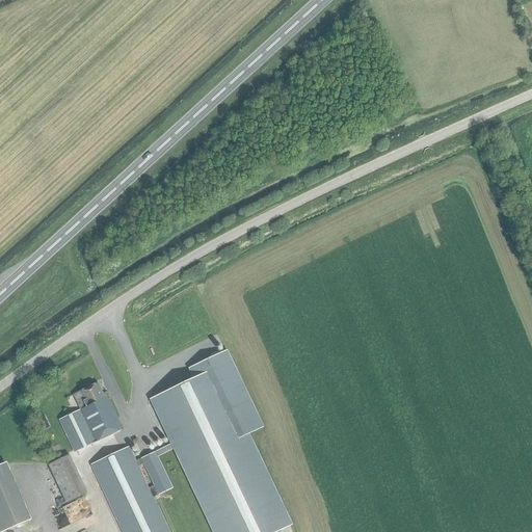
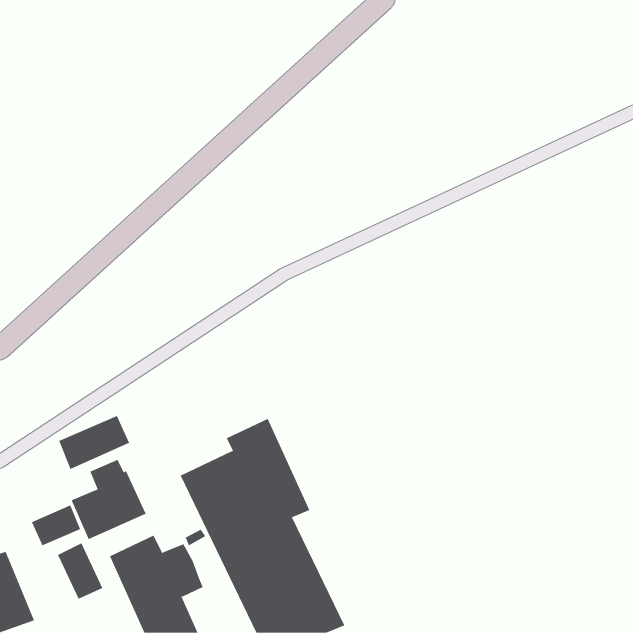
building: none -> [58,415,130,470]
building: none -> [31,504,81,546]

